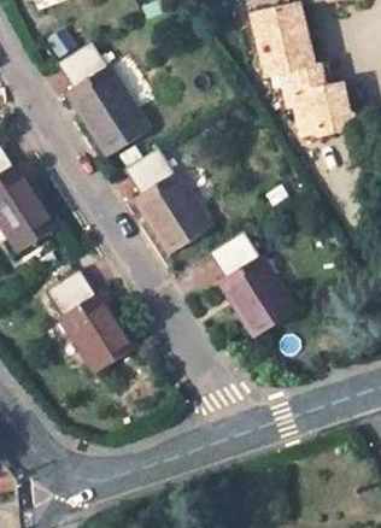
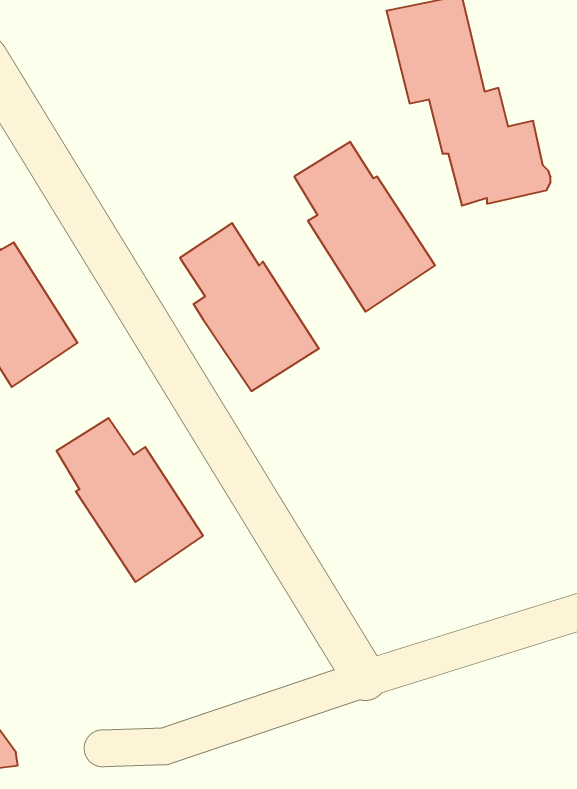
building: [54,42,147,157] -> none
building: [206,231,294,338] -> [294,142,435,312]

